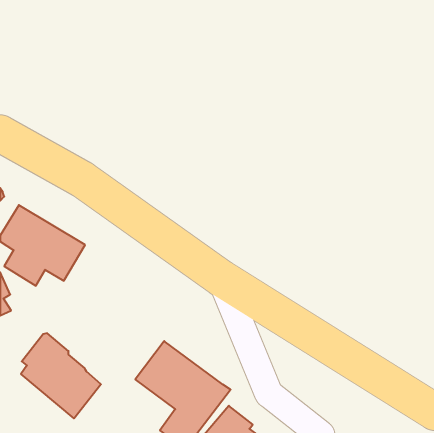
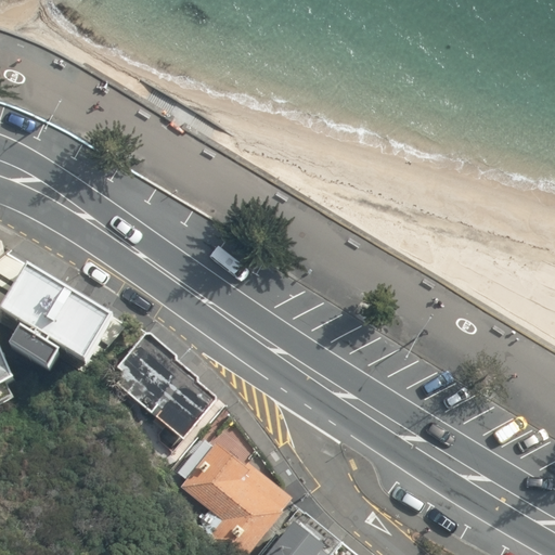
building: [21,333,101,418] -> [115,332,217,440]

